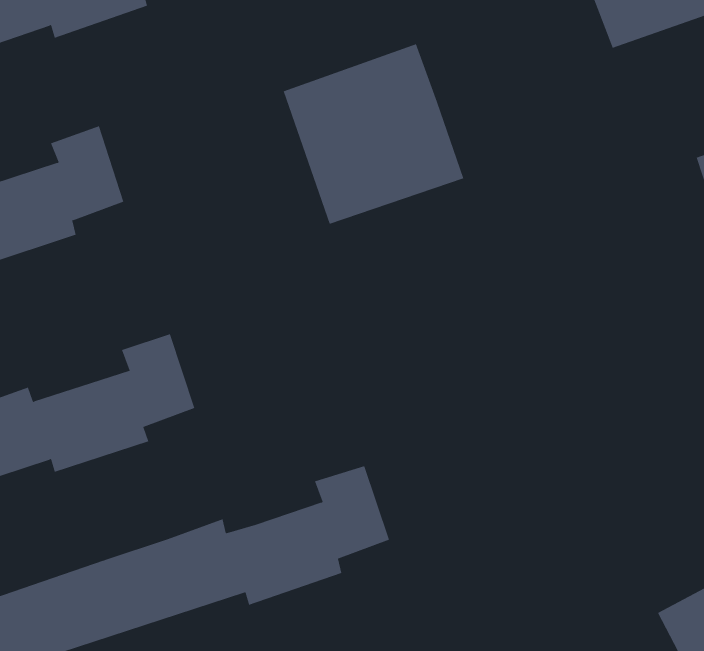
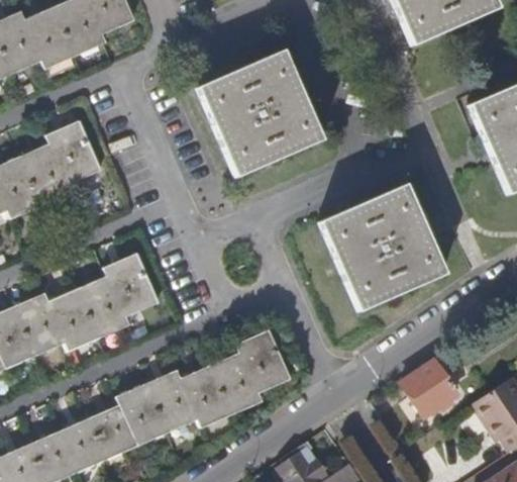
building: none -> [320,185,440,307]
building: none -> [399,367,452,420]

